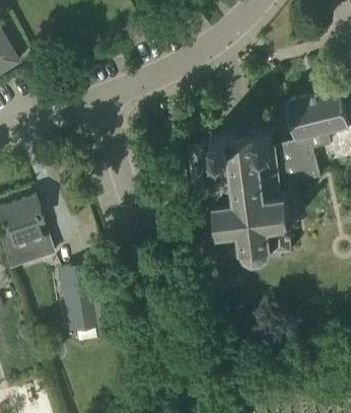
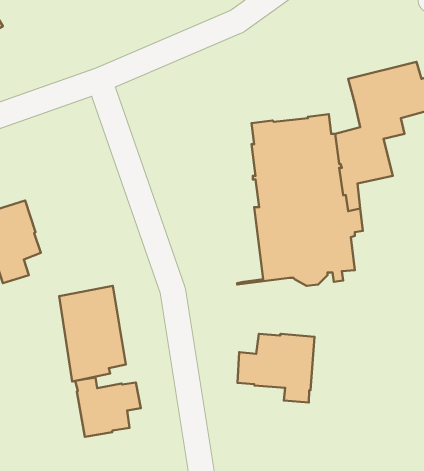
building: none -> [237,334,314,403]
building: none -> [75,377,141,437]

